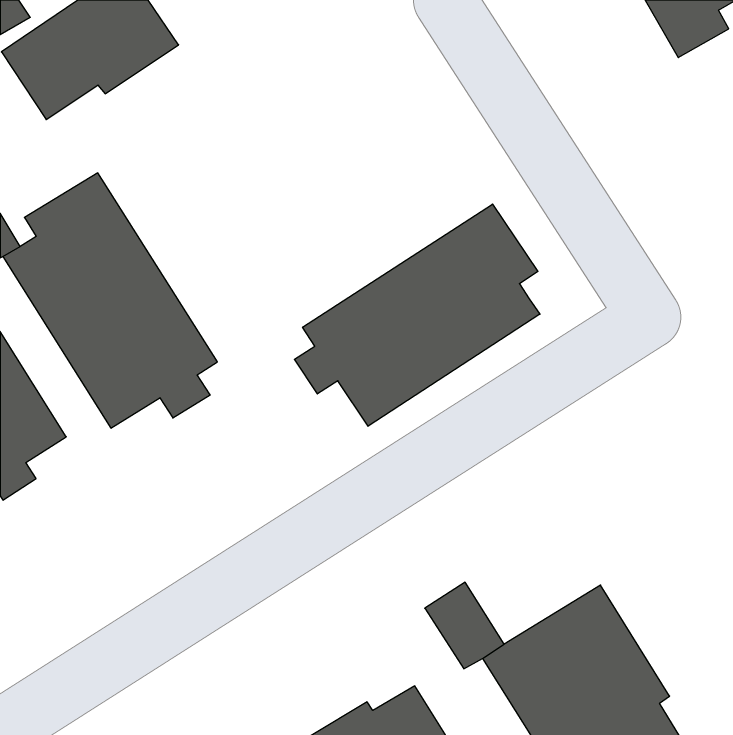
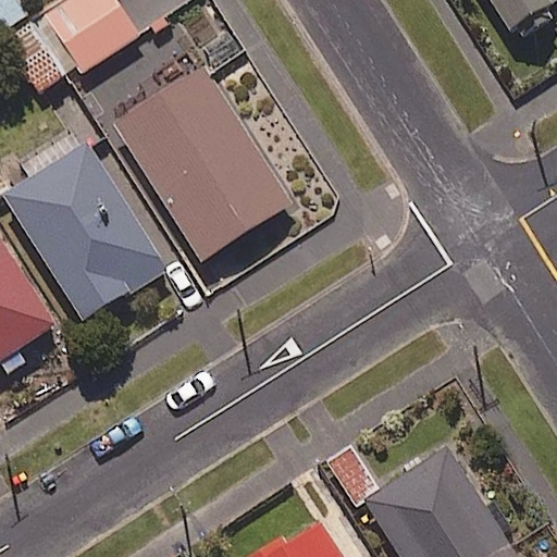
building: none -> [111,63,289,258]
building: [294,204,540,426] -> none

